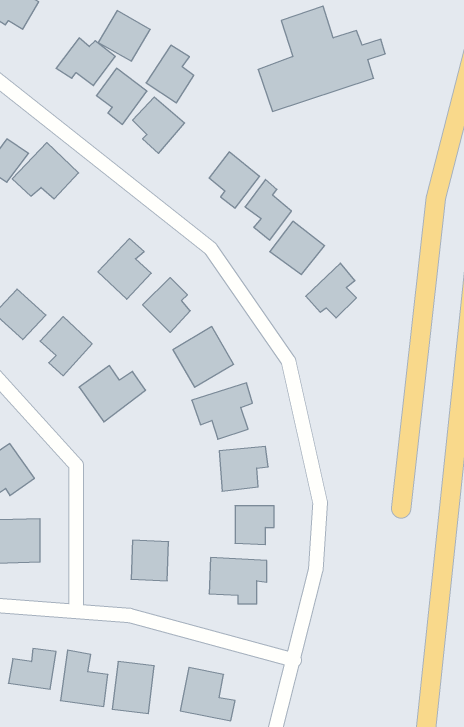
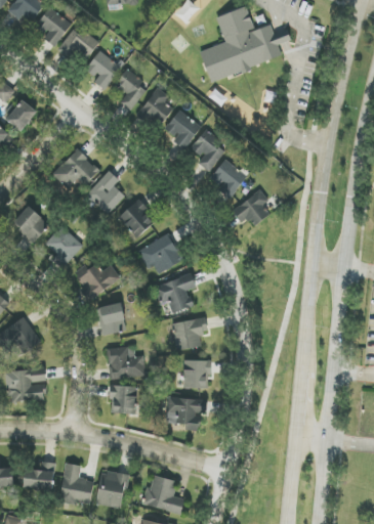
building: [98,11,150,61] -> [34,8,71,44]
building: [146,45,194,103] -> [138,87,172,128]
building: [12,143,79,199] -> [52,148,99,188]
building: none -> [97,303,125,335]
building: none -> [108,347,144,378]

